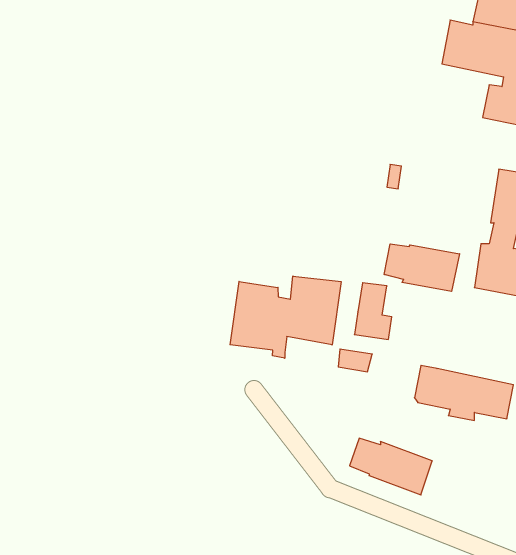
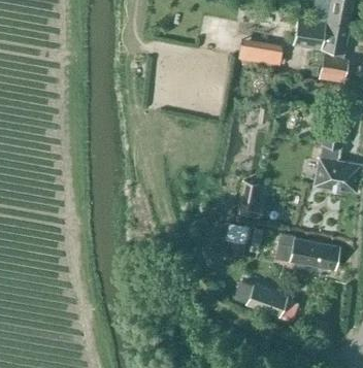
building: none -> [239,40,284,67]
building: [384,244,460,291] -> none
building: [230,276,341,358] -> none

